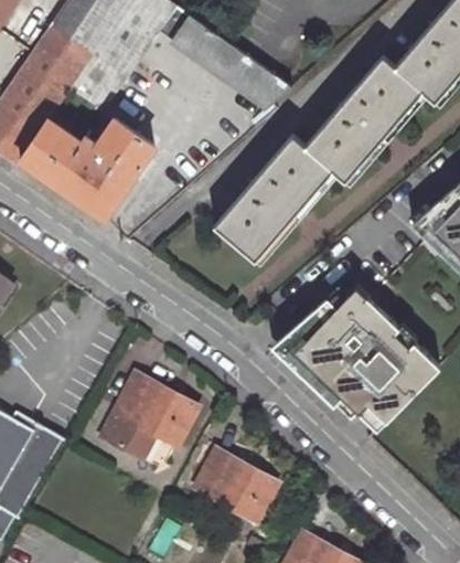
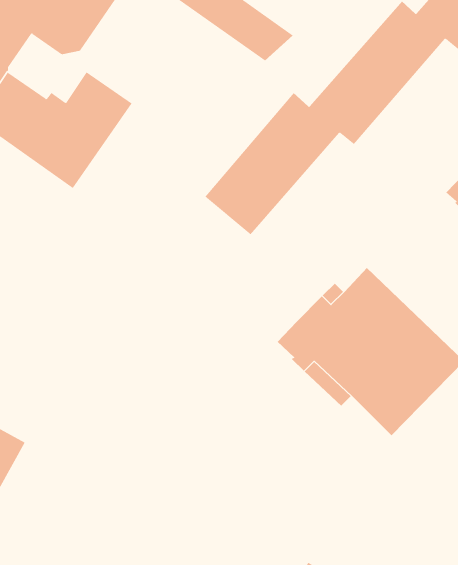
building: [105,374,202,463] -> none
building: [201,453,280,523] -> none

